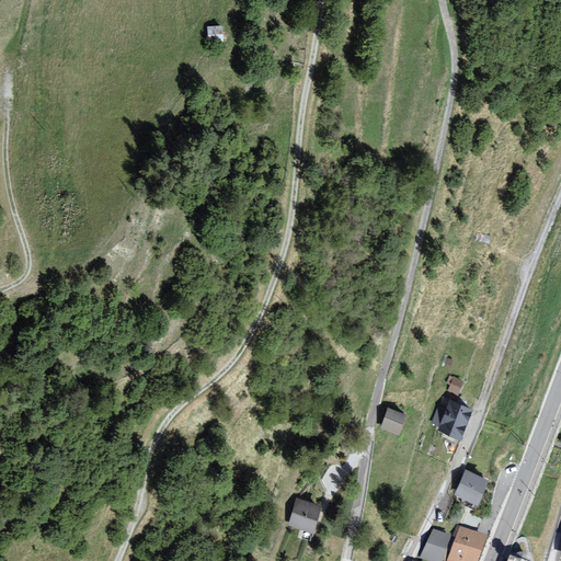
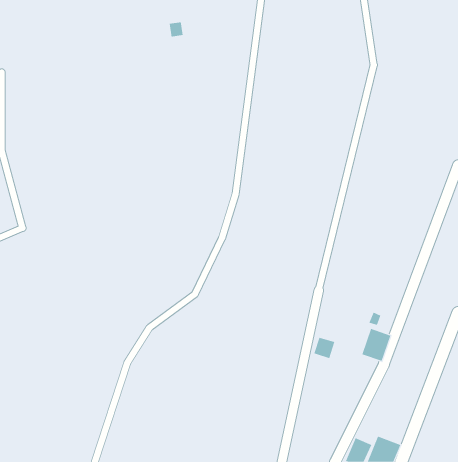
building: [454,468,490,503] -> none
building: [288,500,321,534] -> none

